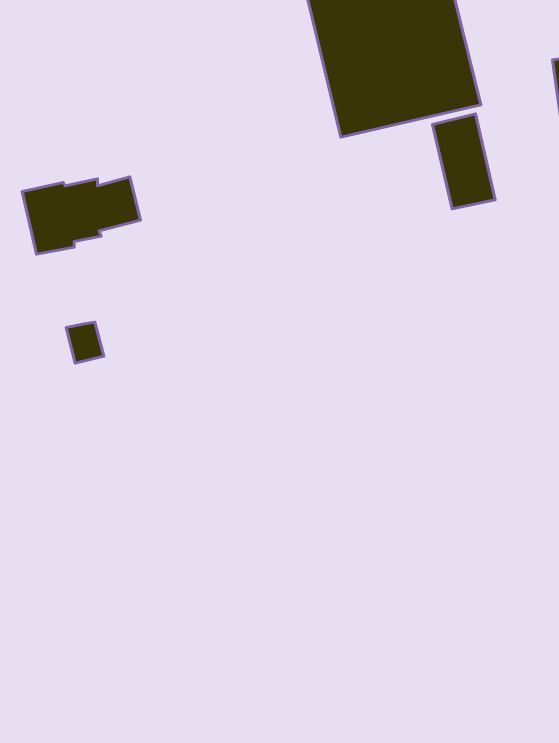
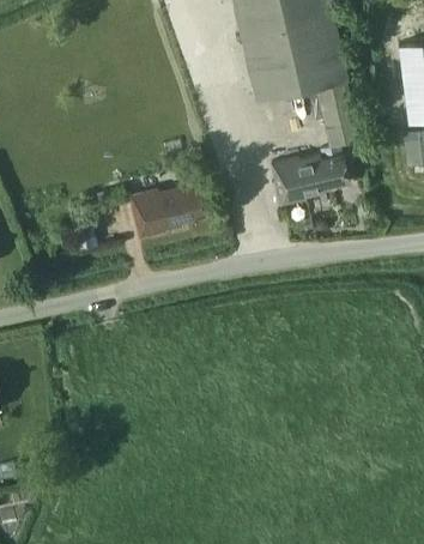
building: [22,177,140,254] -> [129,186,208,237]
building: none -> [271,153,350,205]

